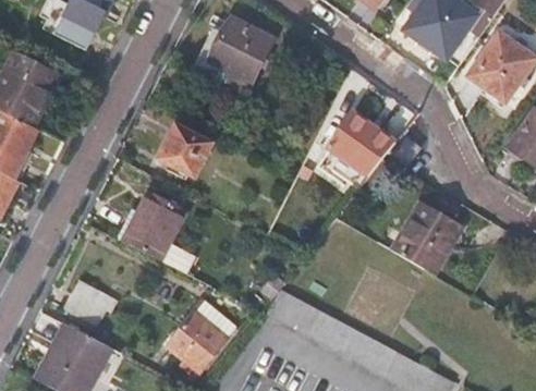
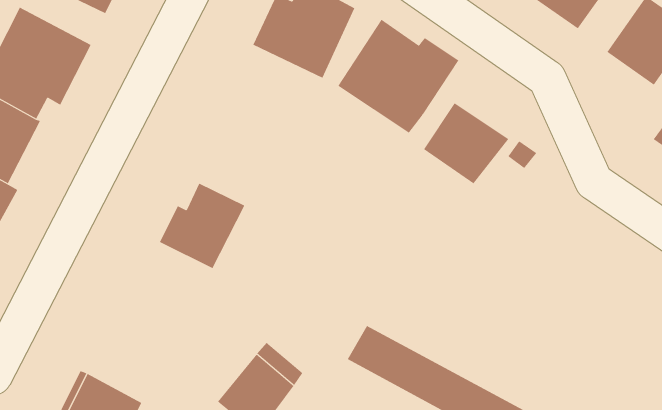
building: none -> [338,19,459,133]
building: [160,125,211,176] -> none
building: [390,205,462,277] -> none
building: [64,282,109,325] -> none

